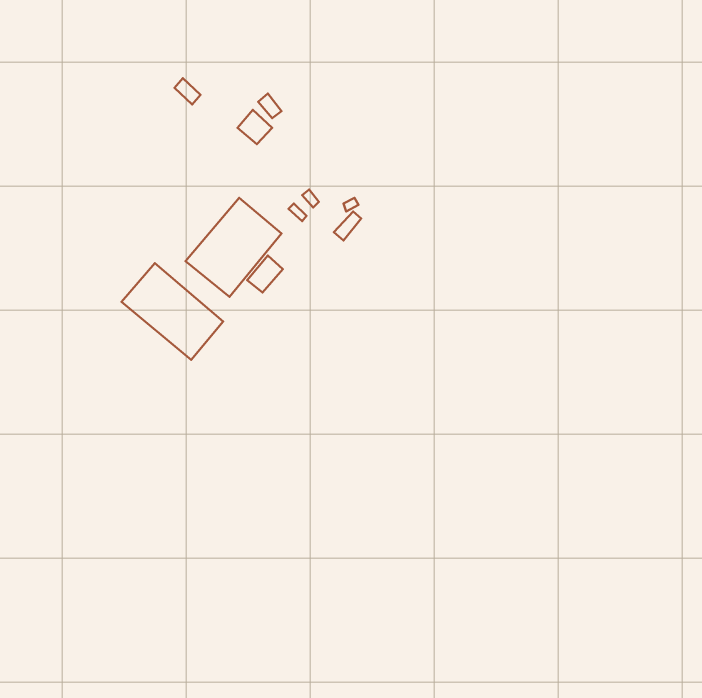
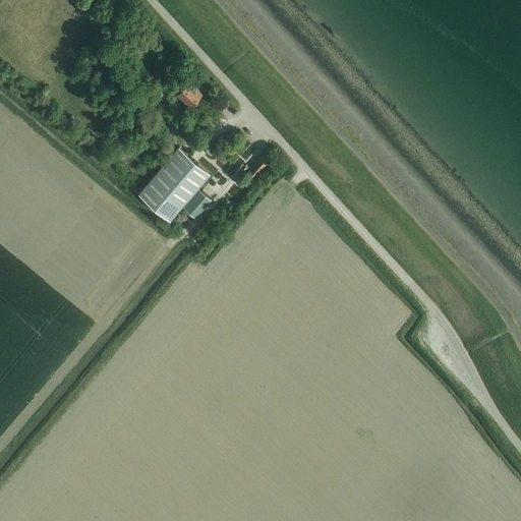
building: [121,263,223,360] -> none

